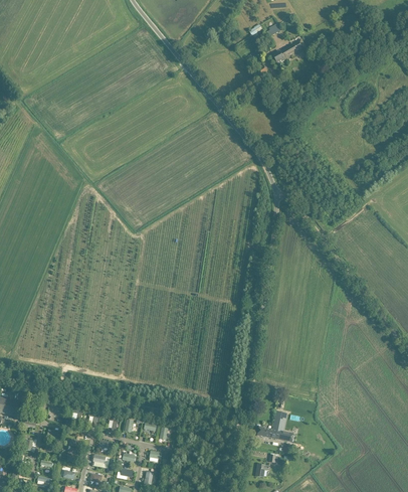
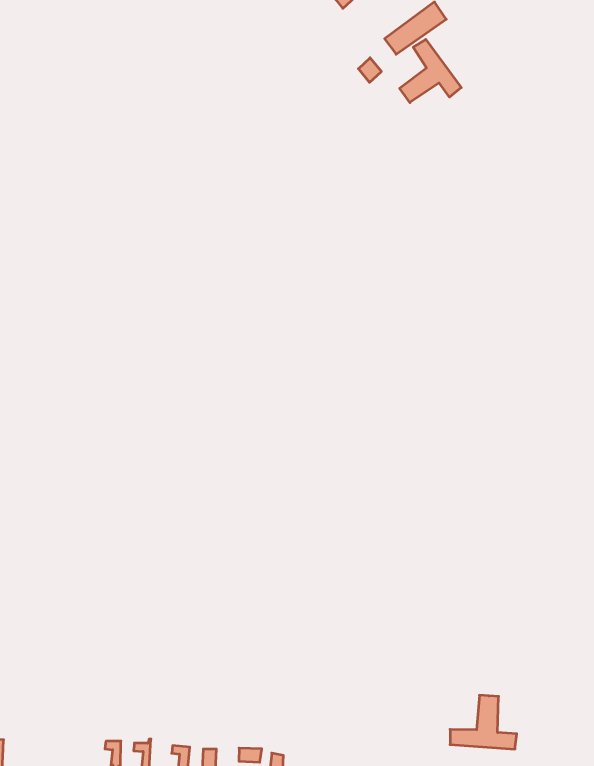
building: none -> [400,39,461,103]

